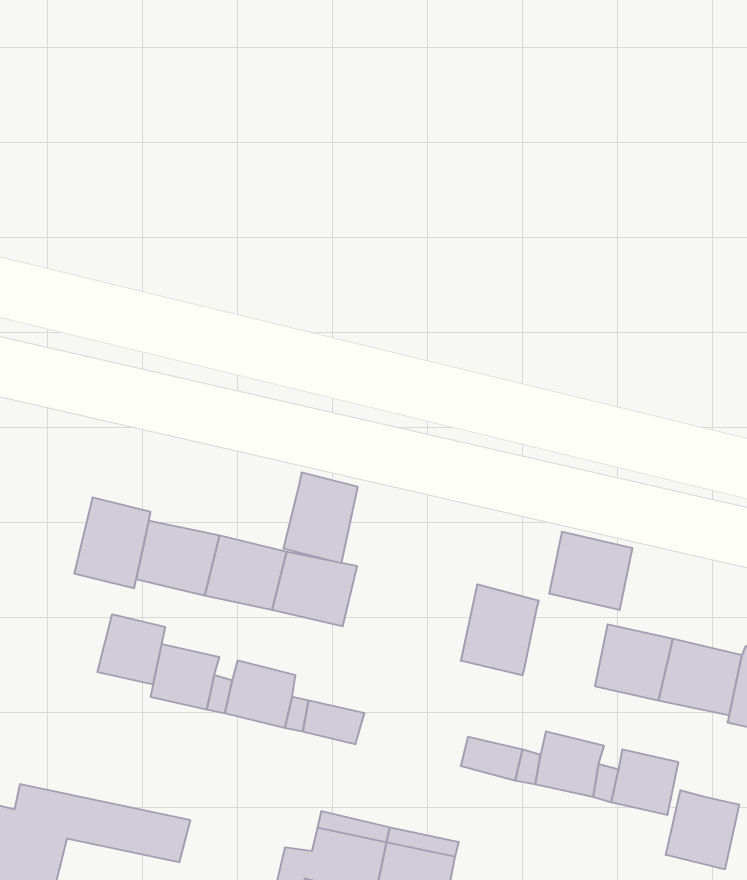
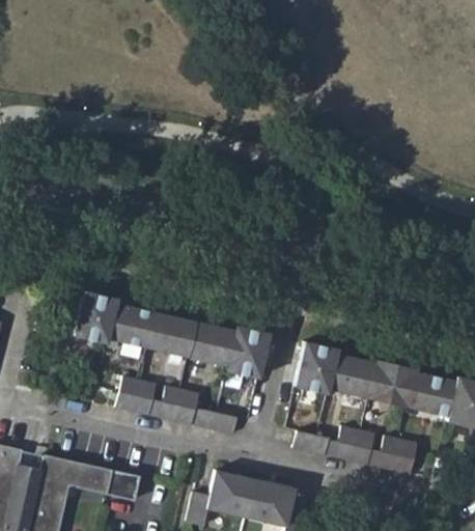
building: [283,472,358,563] -> [226,326,269,378]
building: [549,532,633,610] -> [331,355,379,399]
building: [98,614,165,684] -> none
building: [666,790,739,869] -> none

